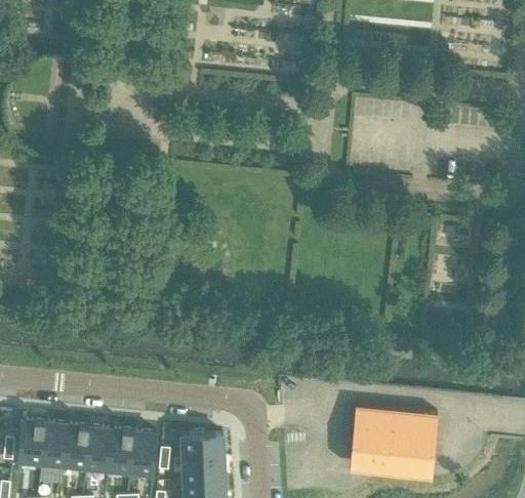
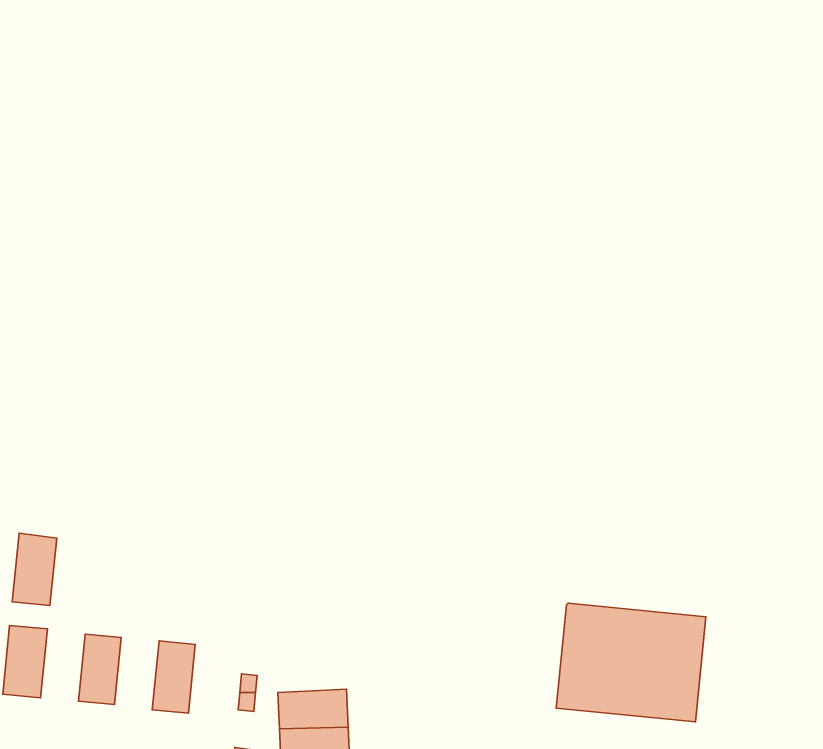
building: [41,423,68,466] -> [12,533,57,605]
building: [85,428,112,471] -> none
building: [129,432,157,475] -> none
building: [181,432,224,461] -> none

